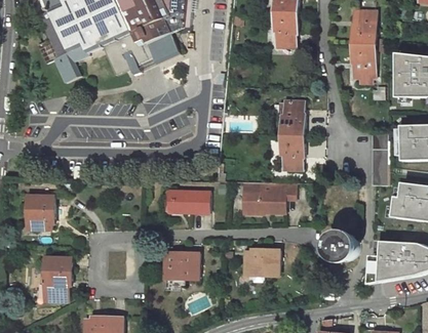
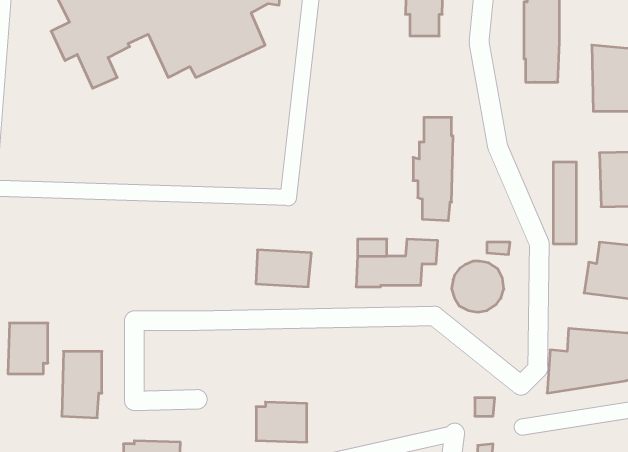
building: [27,195,53,228] -> [8,323,48,374]
building: [325,230,360,263] -> [452,261,504,312]
building: [243,248,279,281] -> none
building: [164,251,198,278] -> [256,402,307,442]

